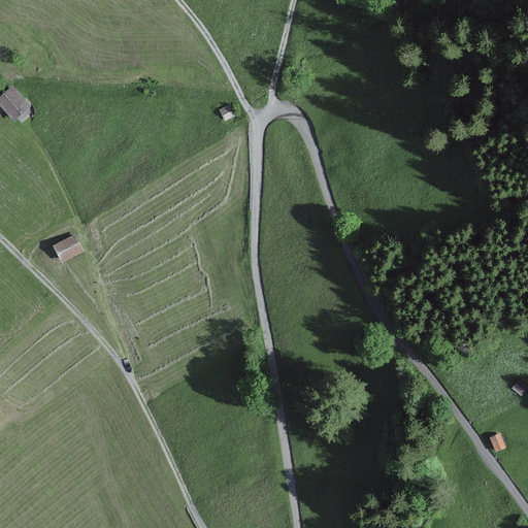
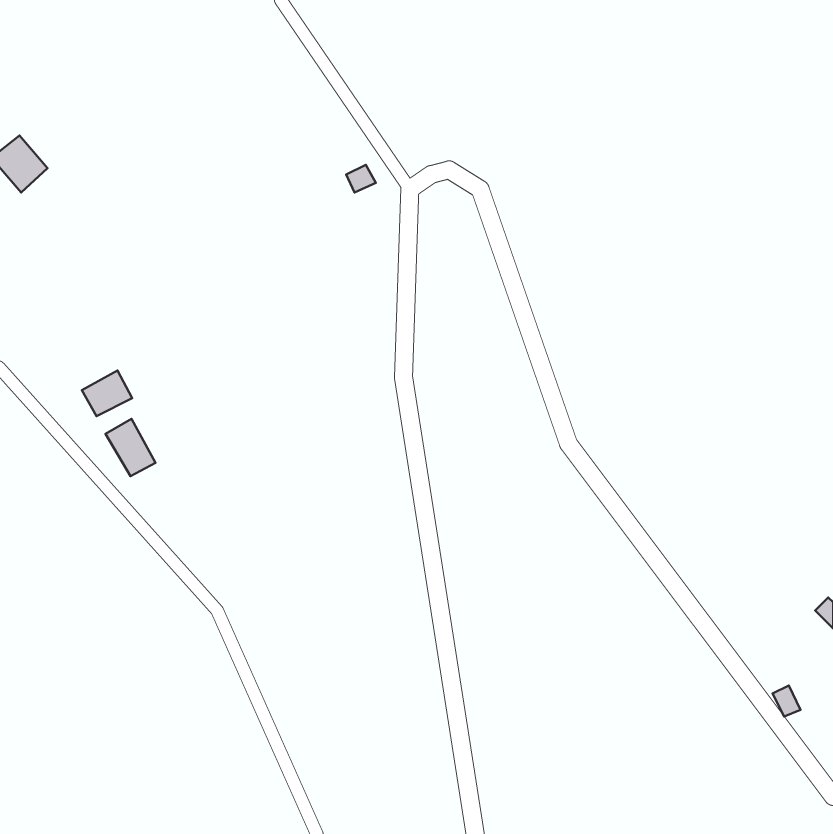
building: none -> [106,419,156,476]

